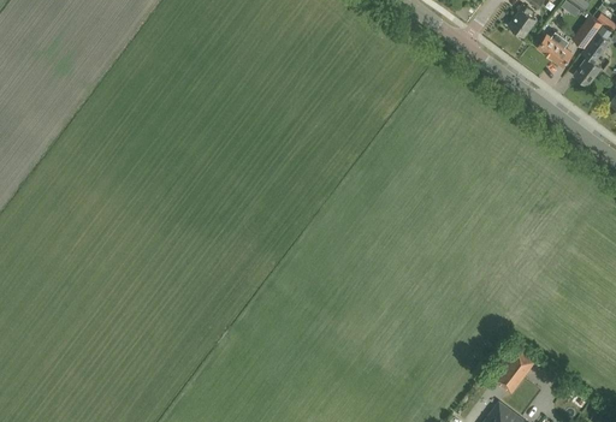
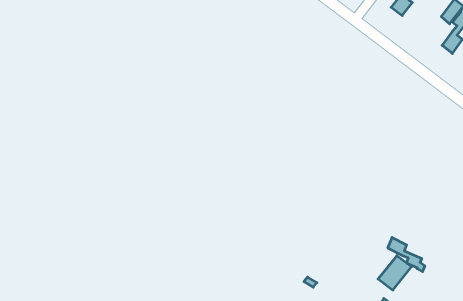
building: [537,32,571,67] -> none
building: none -> [388,237,425,272]

